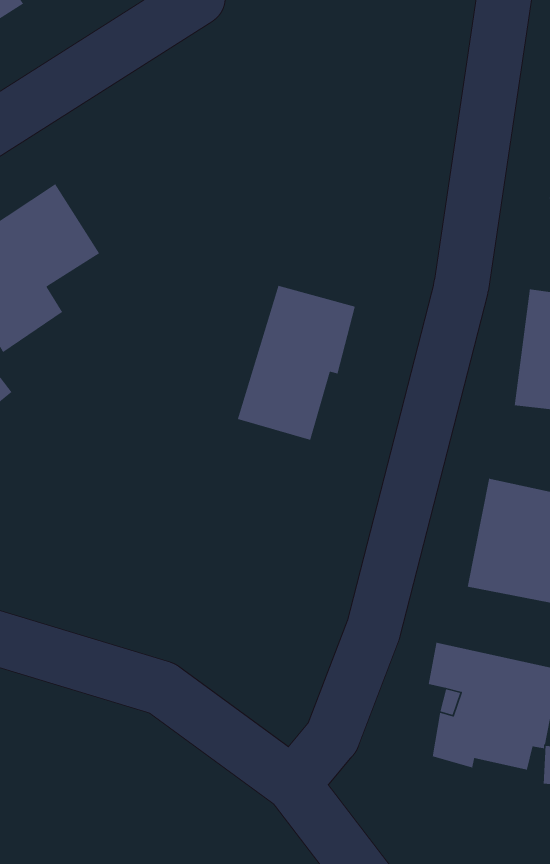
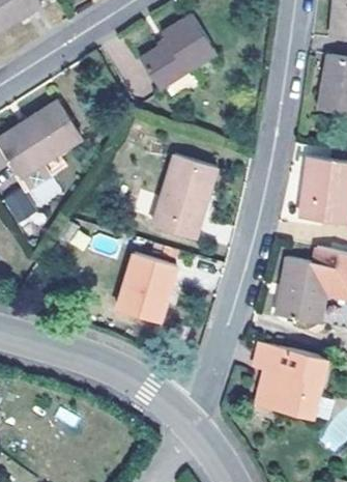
building: none -> [140,13,215,87]
building: none -> [117,252,176,319]

